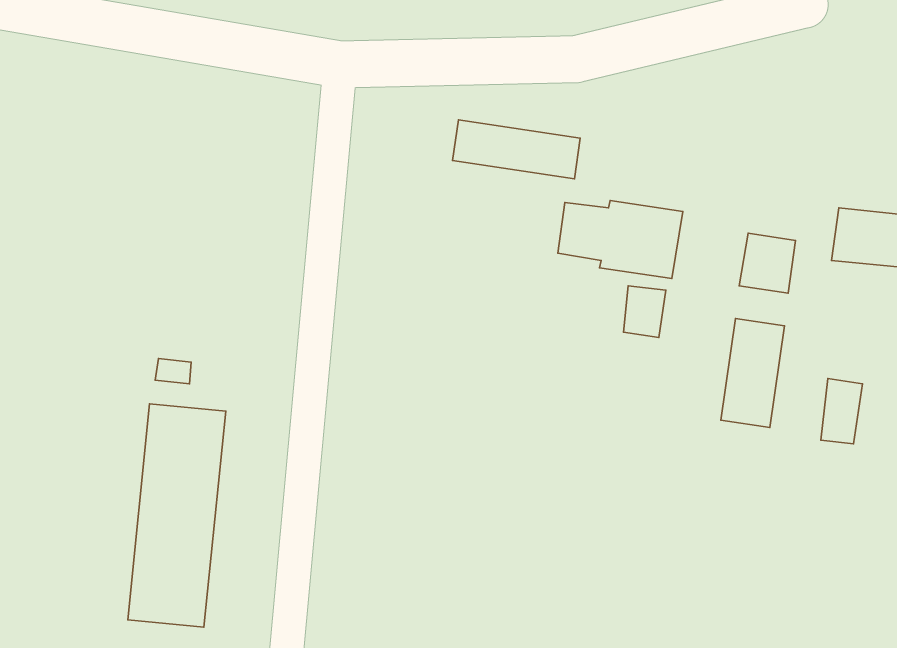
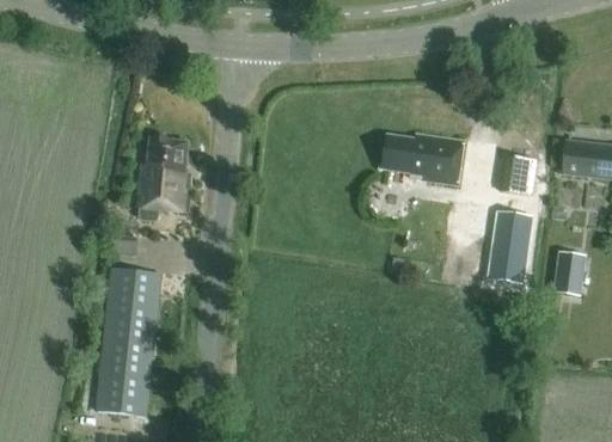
building: [453,120,580,179] -> none
building: none -> [135,134,191,221]
building: [623,286,666,337] -> none

